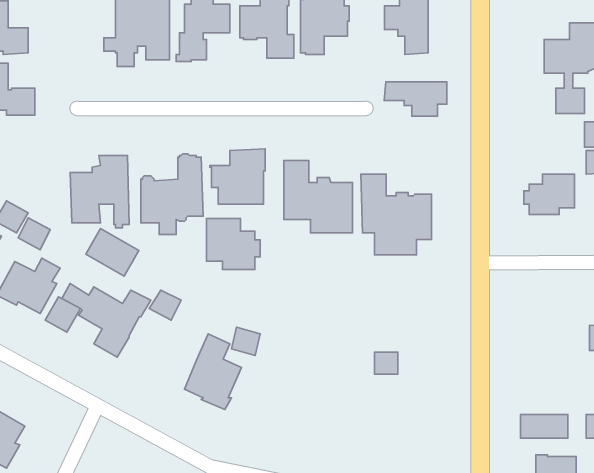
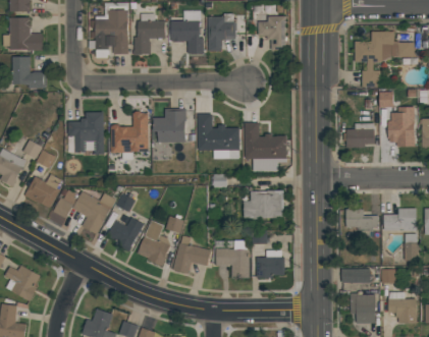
building: [384,82,447,116] -> none
building: [207,218,260,270] -> none
building: [86,229,139,276] -> none
building: none -> [245,190,284,218]
building: none -> [345,209,378,238]
building: none -> [107,217,145,250]
building: none -> [172,235,211,274]
building: none -> [216,240,250,278]
building: none -> [257,250,285,278]

